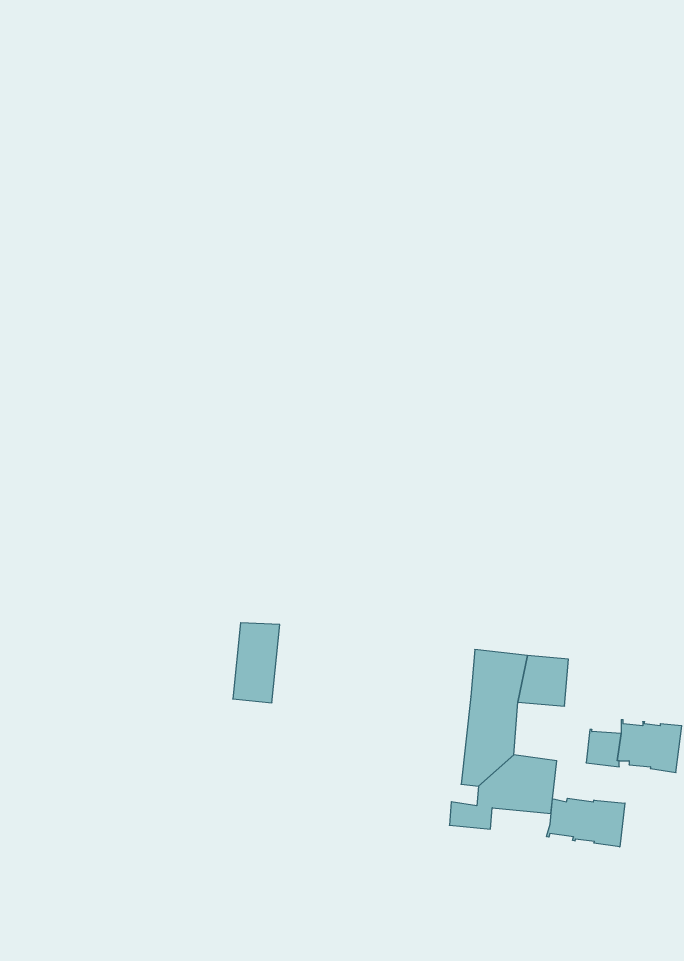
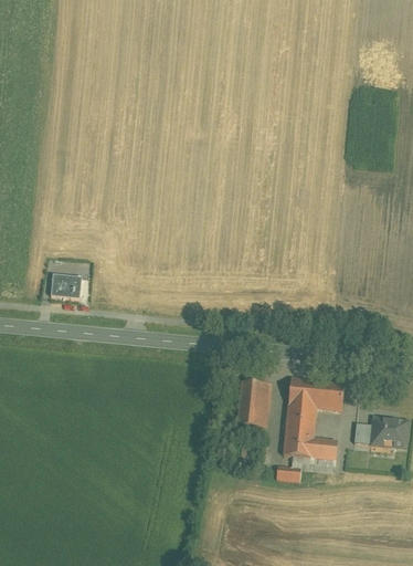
building: none -> [52,272,83,296]
building: [233,623,280,703] -> [237,380,264,426]
building: [547,798,625,847] -> none

